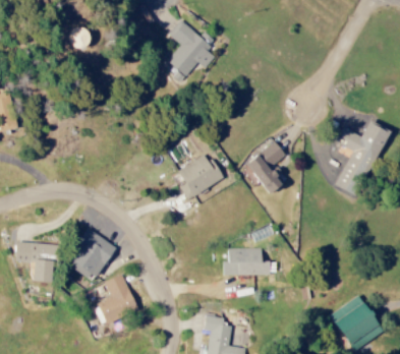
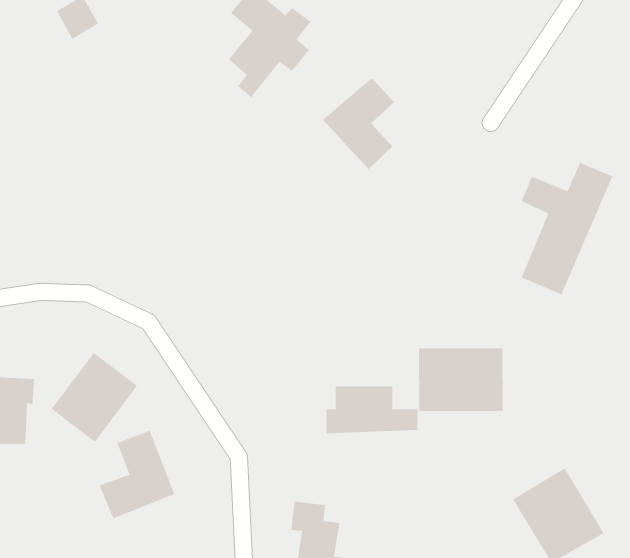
building: [245,140,287,193] -> [322,77,395,170]
building: [172,155,224,199] -> none
building: none -> [418,348,503,412]

